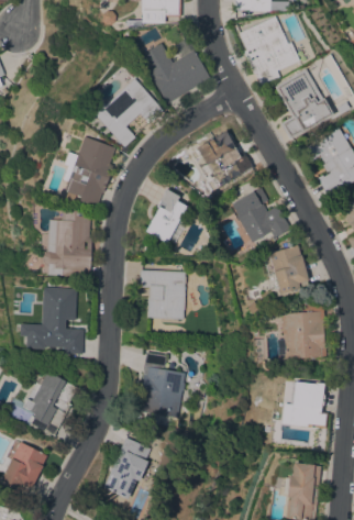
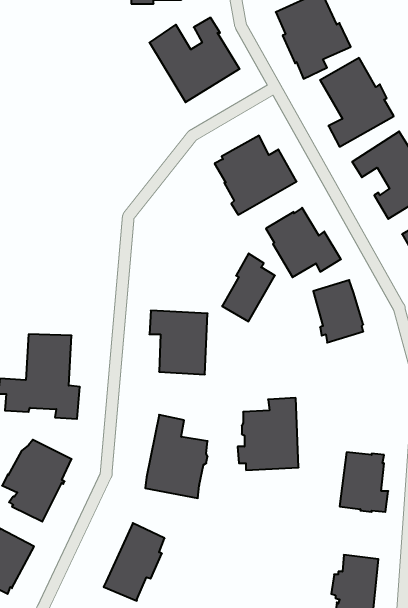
building: [91,77,164,147] -> none
building: [63,137,115,208] -> none
building: [146,189,188,243] -> [222,253,275,321]
building: [43,210,92,277] -> none
building: [278,302,327,359] -> [238,398,299,470]

